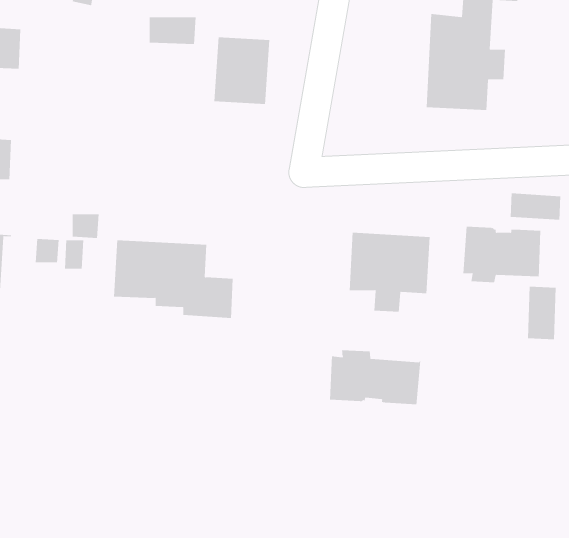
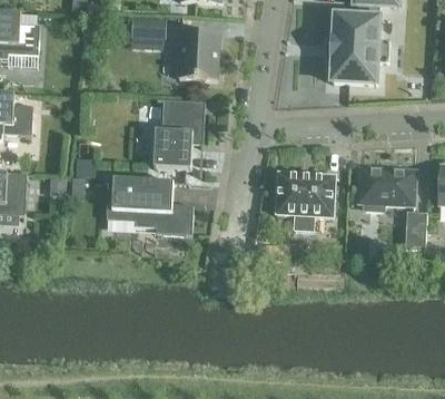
building: none -> [154,99,205,168]
building: [510,193,561,221] -> none
building: [329,349,421,405] -> none

